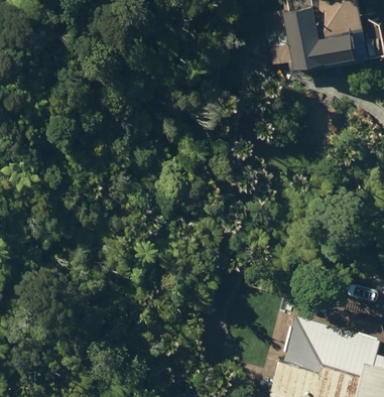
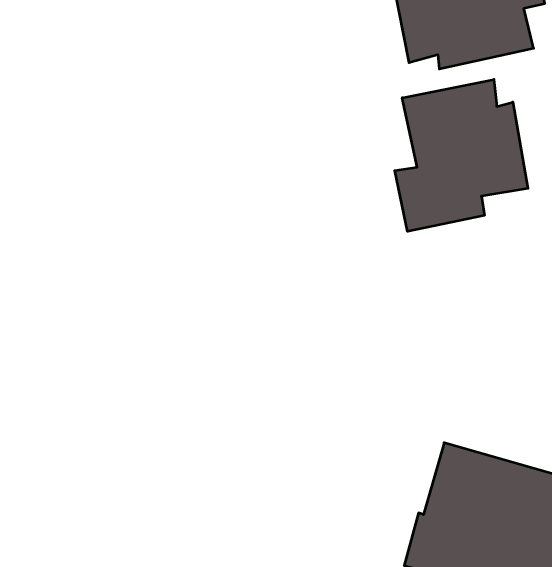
building: none -> [395,79,528,231]

